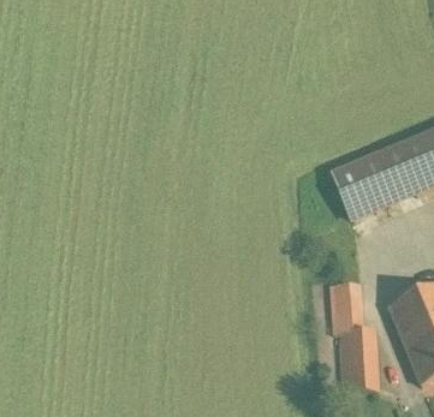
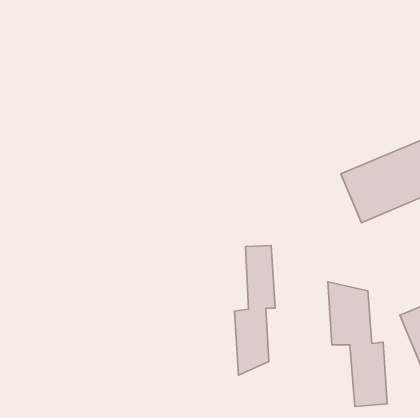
building: none -> [234,246,275,375]

